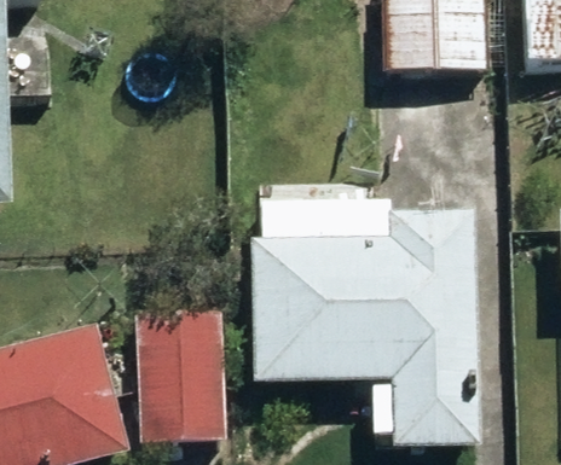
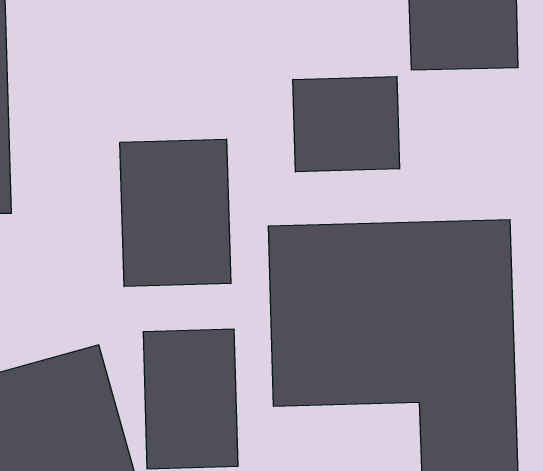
building: none -> [293,76,400,172]
building: none -> [120,139,231,287]

